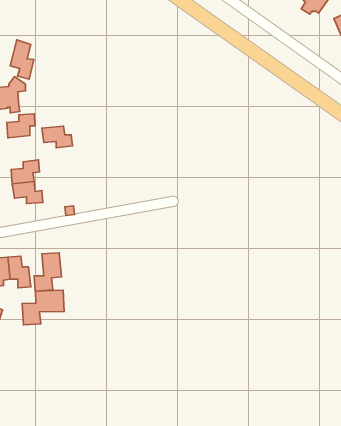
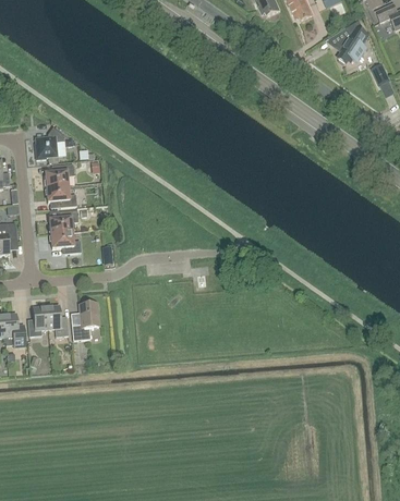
building: [10,40,34,79] -> none
building: [42,126,72,148] -> [46,184,76,206]
building: [22,290,64,325] -> none

